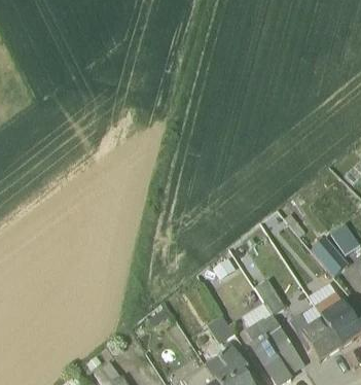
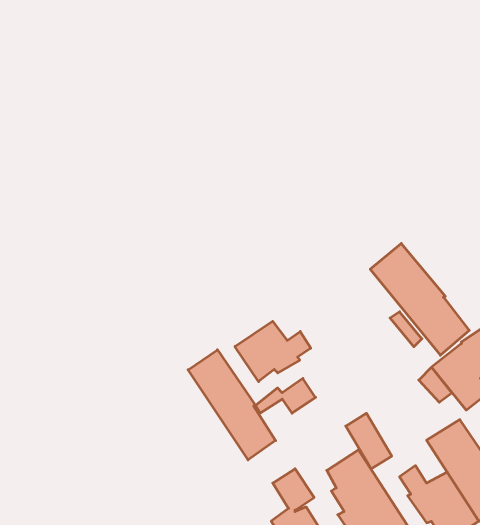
building: none -> [370,243,469,355]
building: none -> [235,321,311,382]
building: none -> [188,350,276,460]

